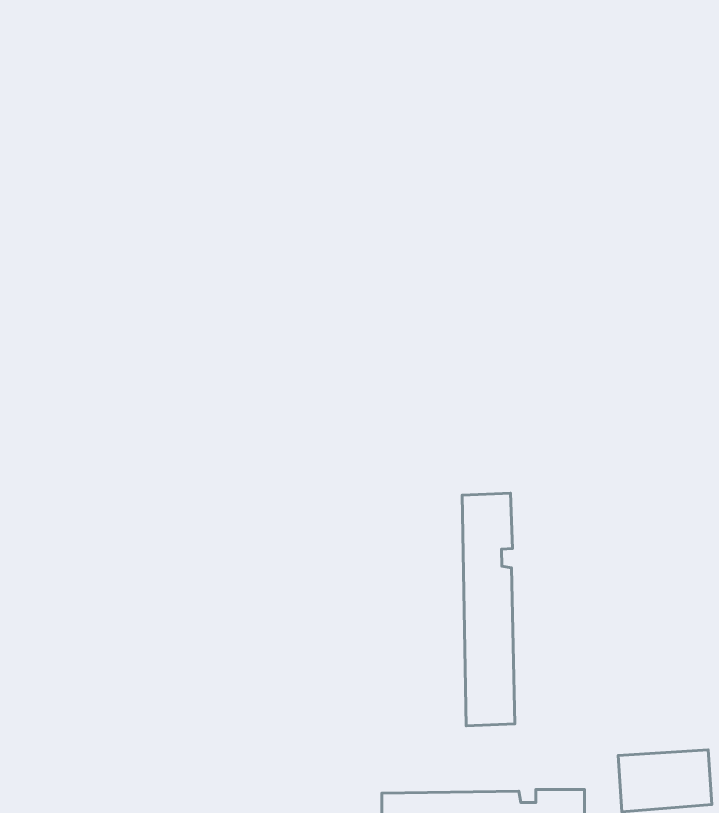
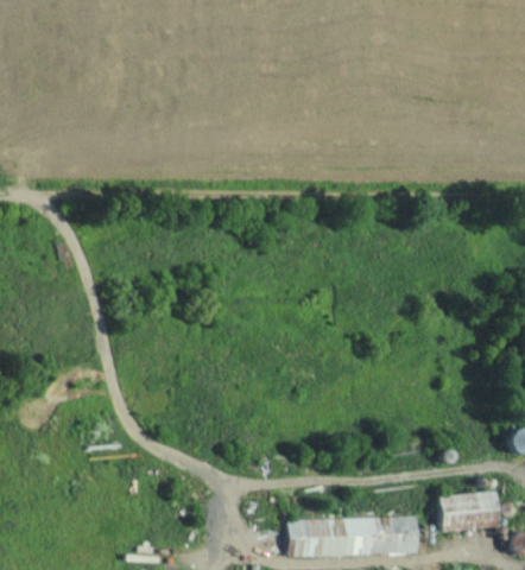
building: [462,493,515,726] -> none

